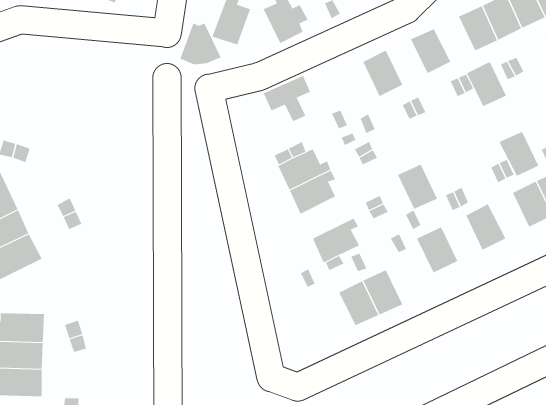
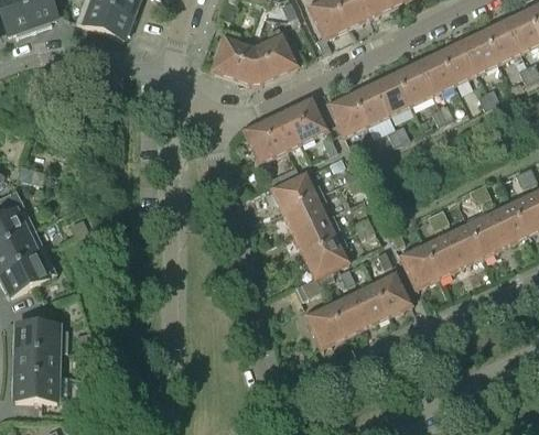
building: [180,23,221,65] -> [236,45,274,84]
building: none -> [373,73,410,115]
building: [466,61,507,107] -> [417,52,454,94]
building: none -> [328,94,366,137]
building: none -> [291,98,326,143]
building: none -> [244,122,287,162]
building: [498,131,539,177] -> [466,214,504,255]
building: [397,164,438,210] -> [423,235,461,276]
building: none -> [293,217,343,255]
building: none -> [373,273,410,316]
building: none -> [306,305,344,347]

